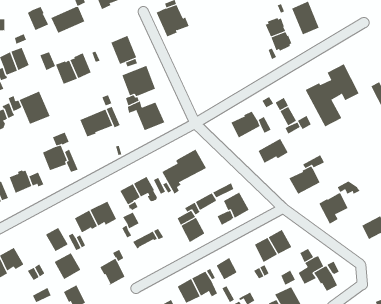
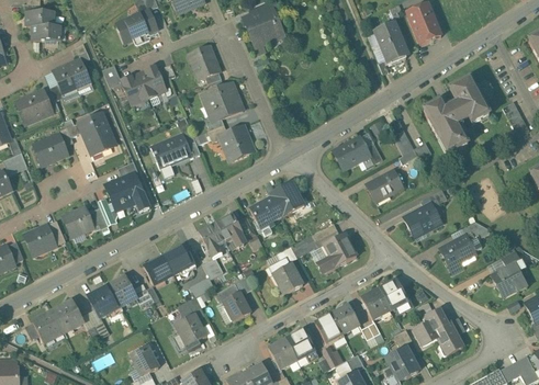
building: [27,6,49,31] -> none
building: none -> [223,292,250,321]
building: none -> [332,304,359,333]
building: [54,253,81,280] -> [88,285,121,318]

